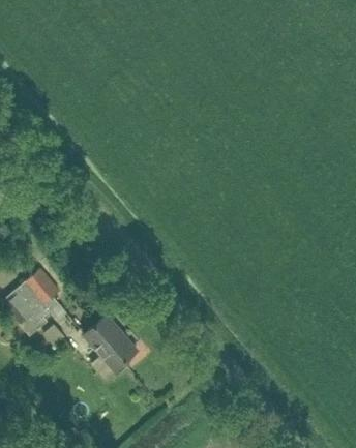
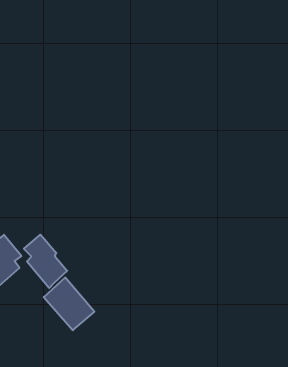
building: none -> [24,235,67,288]

